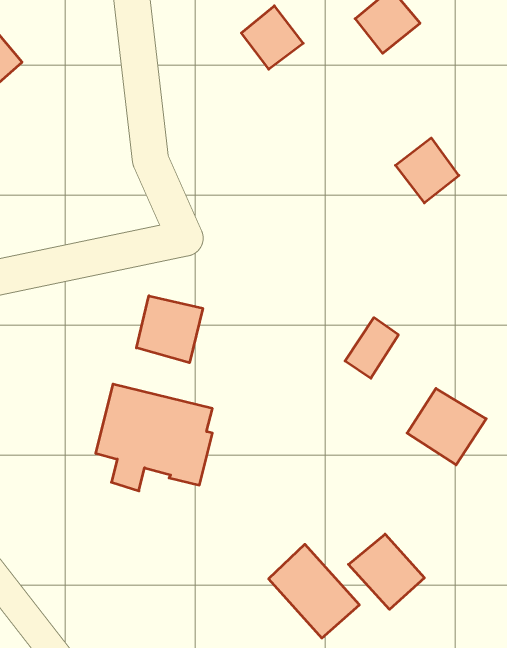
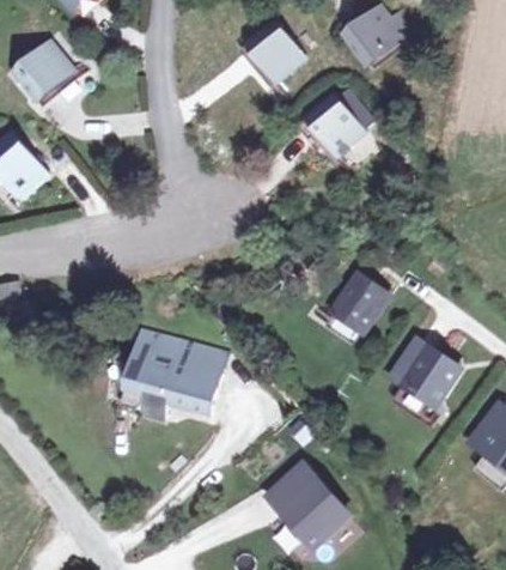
building: [395,138,459,203] -> [309,97,361,151]
building: [136,296,203,363] -> none
building: [348,534,424,609] -> none

